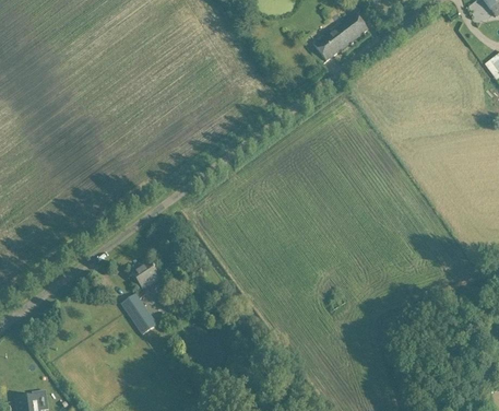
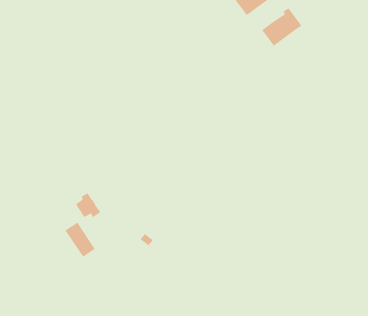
building: none -> [261,8,302,47]

